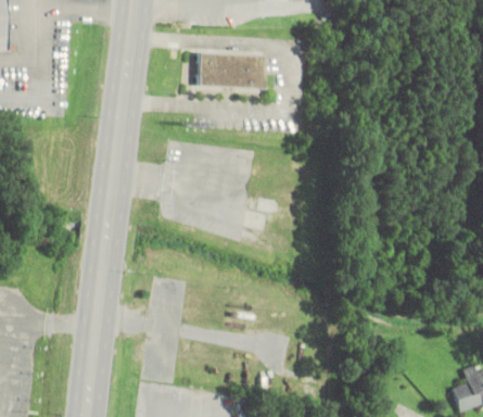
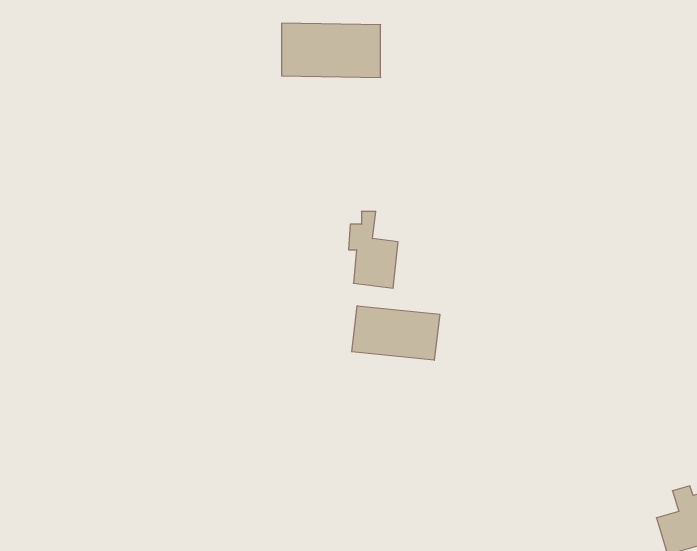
building: none -> [352,306,440,360]

